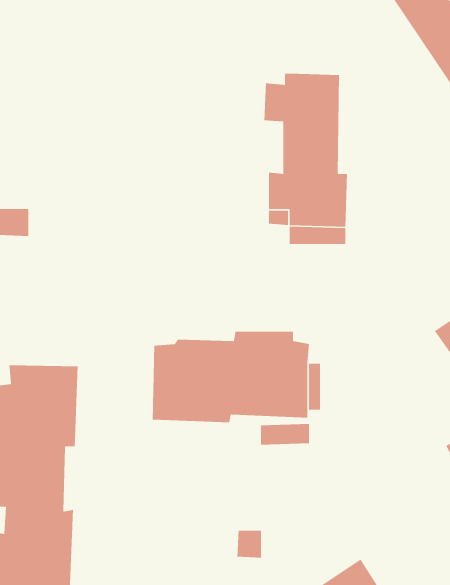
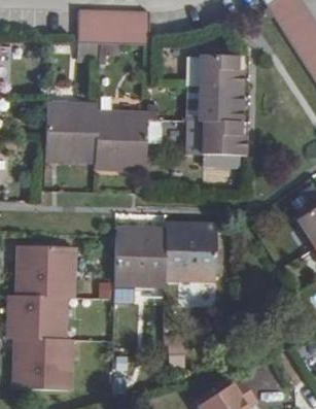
building: none -> [84,13,151,43]
building: none -> [45,110,142,172]

